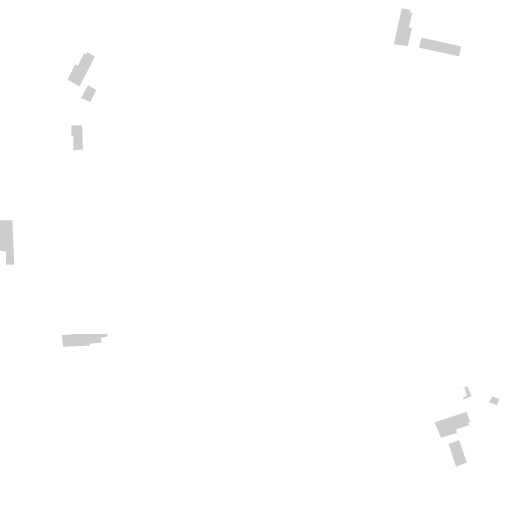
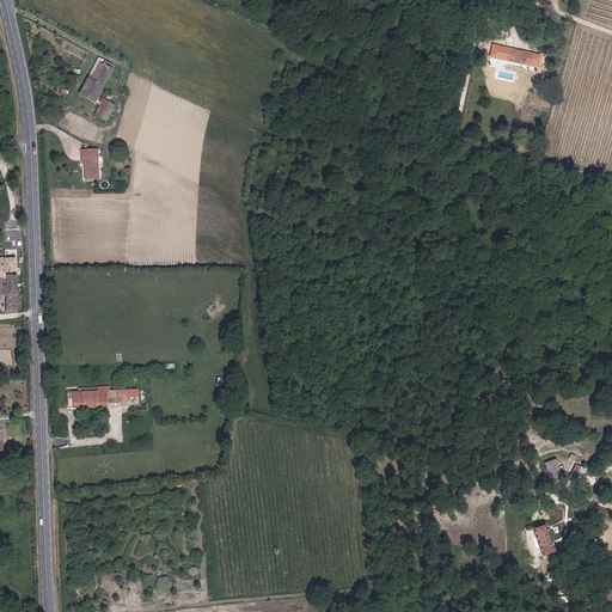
building: [393,8,413,47] -> none
building: [434,411,471,439] -> none

